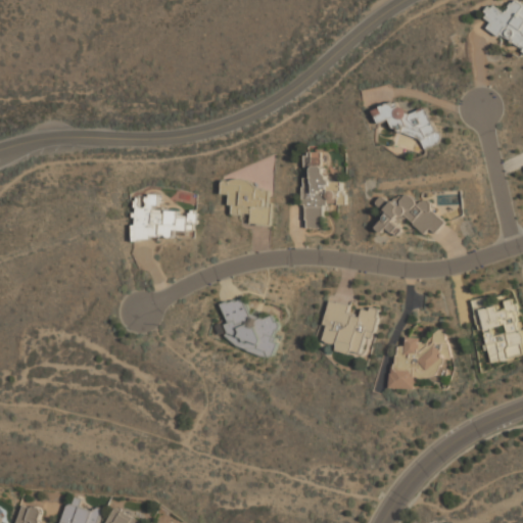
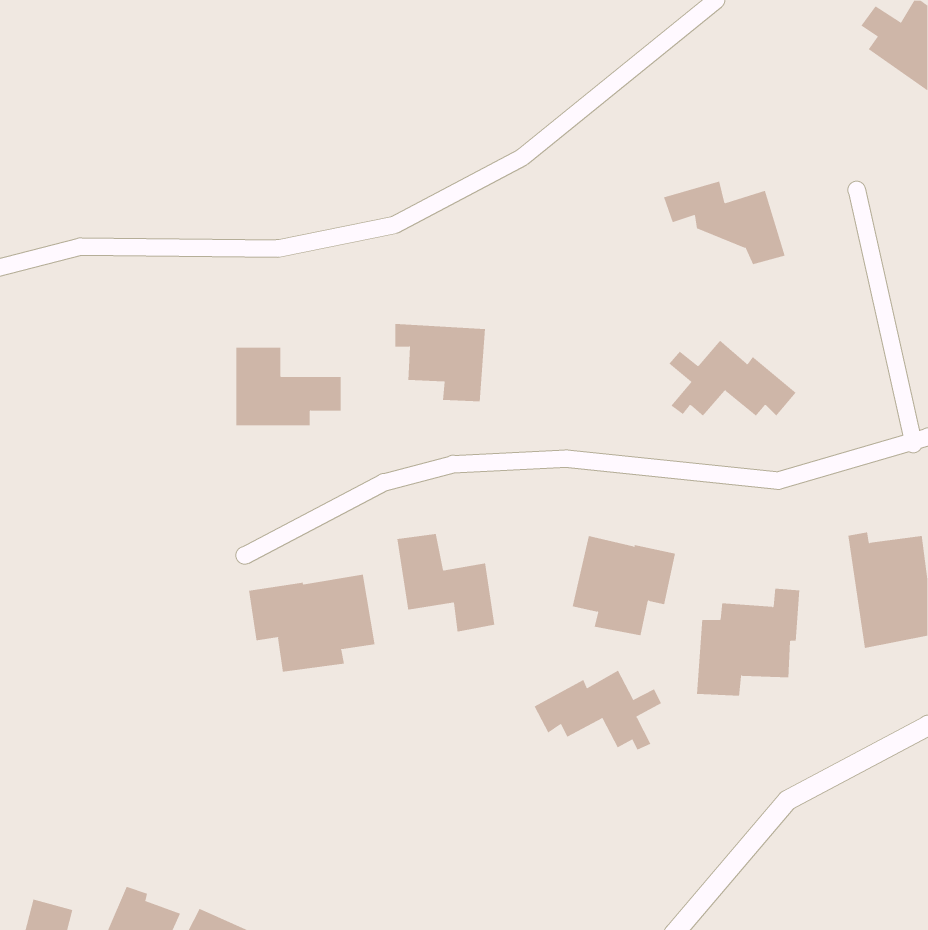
building: [300,153,344,231] -> none
building: none -> [249,574,375,672]
building: none -> [534,670,662,751]

